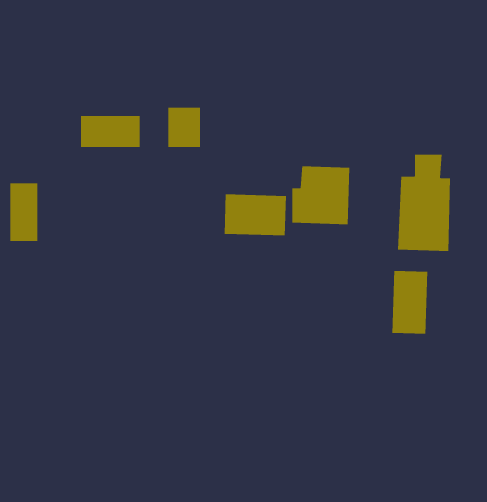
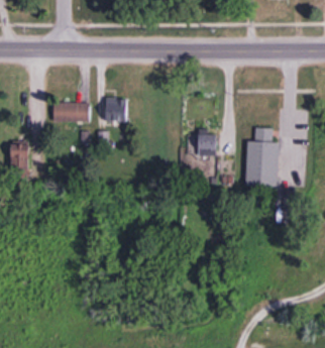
building: [224,194,287,236] -> none
building: [392,270,428,334] -> none

